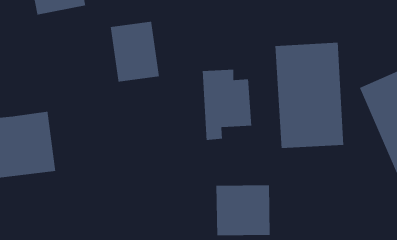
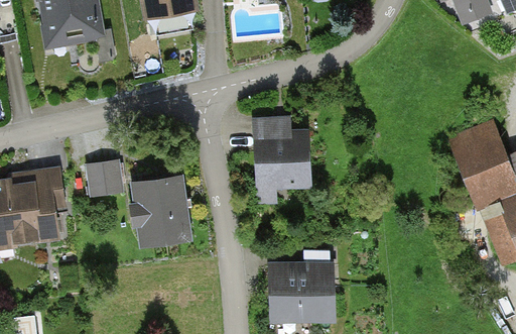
building: [110,21,160,82] -> [130,176,192,252]
building: [274,42,344,149] -> none
building: none -> [84,155,118,191]

